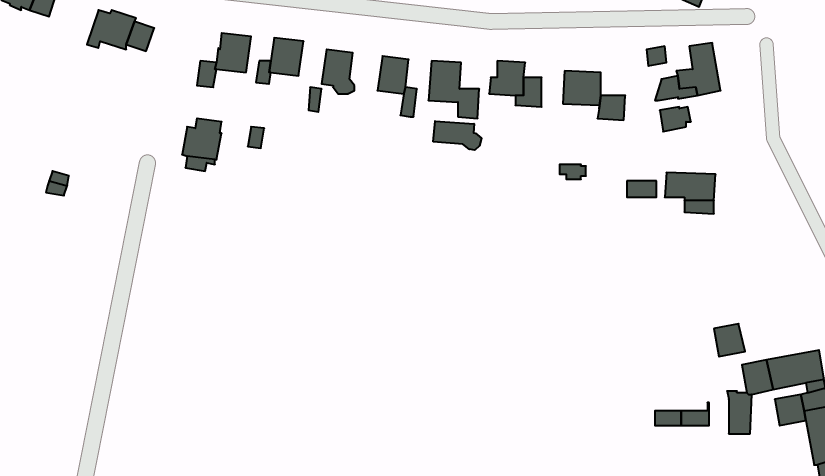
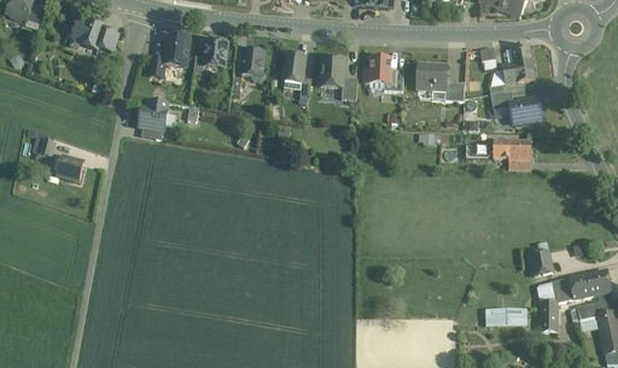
building: none -> [508,98,540,125]
building: [433,121,482,150] -> none
building: none -> [56,156,84,182]

